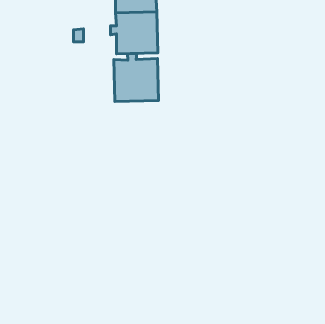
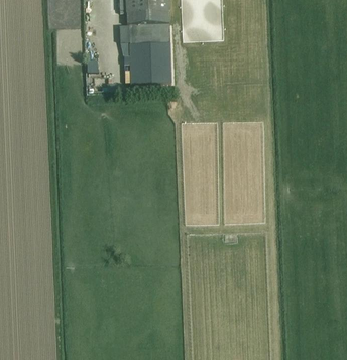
building: [114,53,158,102] -> none

